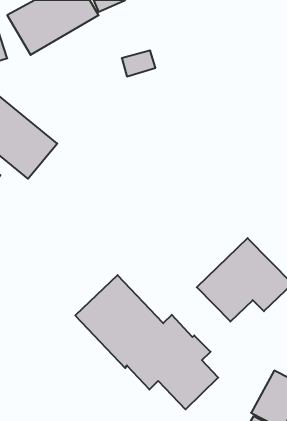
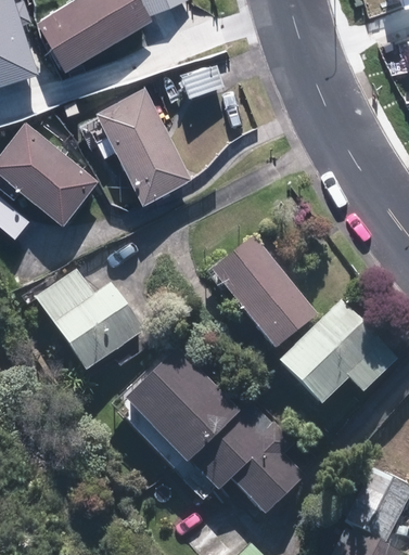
building: none -> [97,87,192,204]
building: none -> [209,235,318,350]
building: none -> [35,270,145,374]

